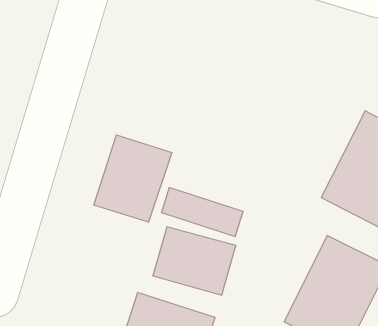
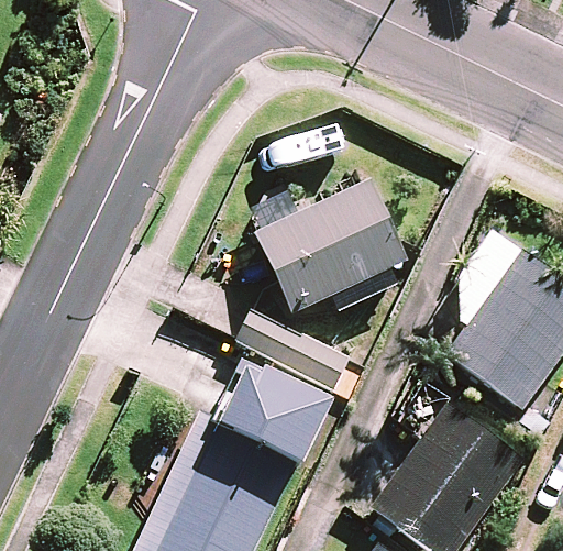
building: none -> [255,184,409,315]
building: [94,135,172,222] -> none

